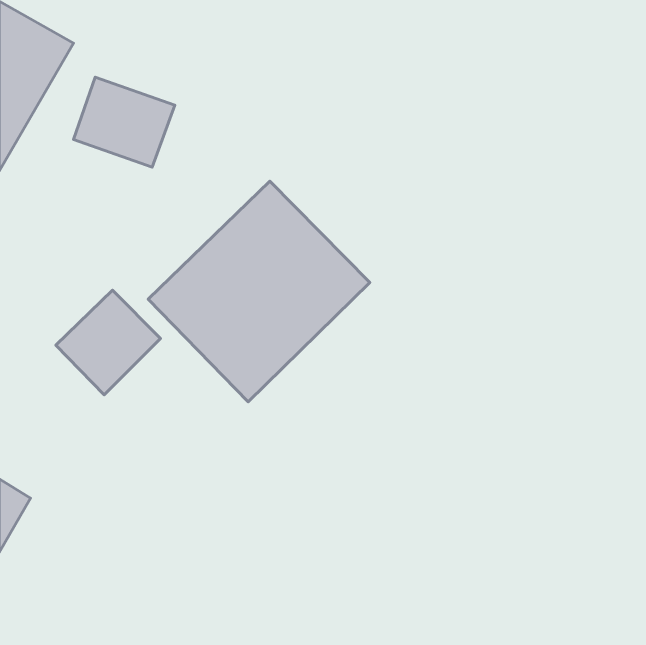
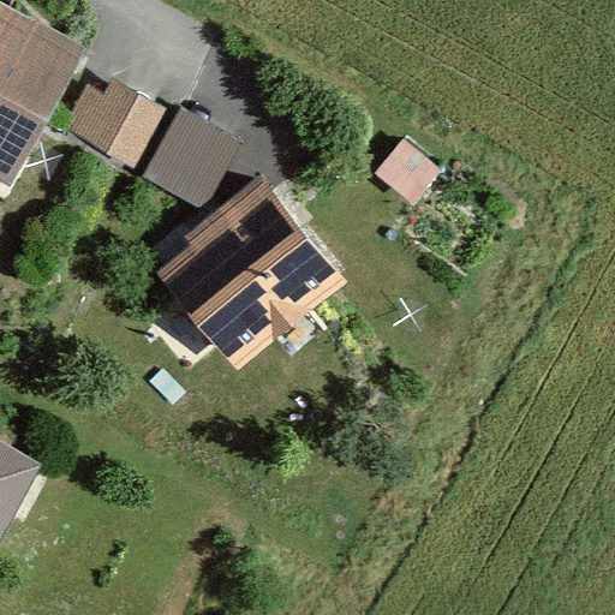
building: none -> [144,101,246,205]
building: [56,290,161,395] -> none

